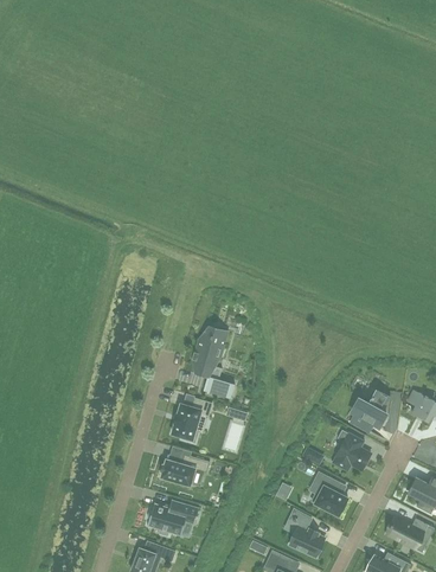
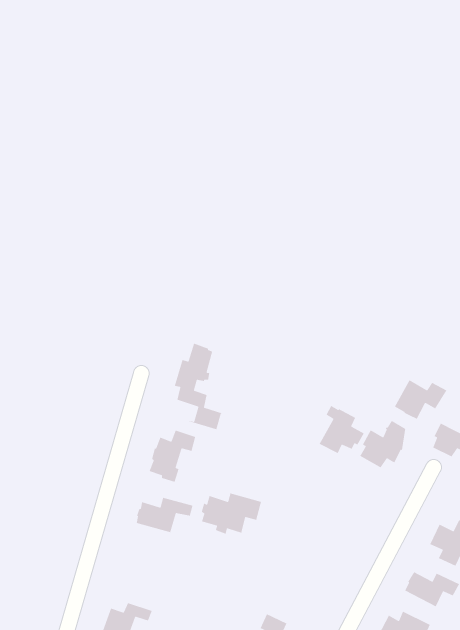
building: none -> [394,379,447,420]
building: [331,430,370,471] -> [318,405,365,454]
building: [310,471,347,515] -> none
building: [146,500,198,536] -> [201,491,263,535]
building: [288,509,323,557] -> none

